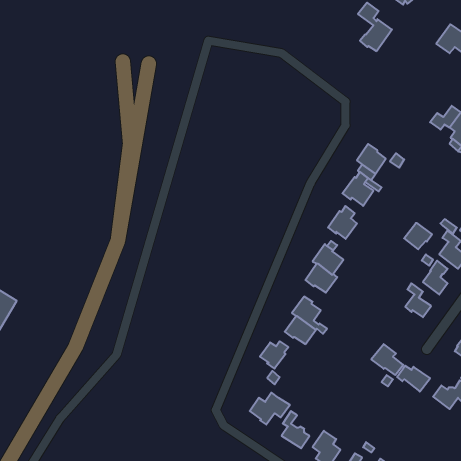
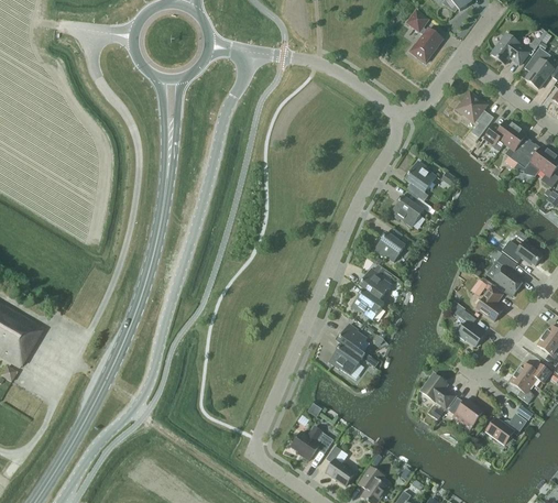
building: none -> [457,92,494,138]
building: [404,223,432,249] -> none
building: [260,341,288,369] -> none

